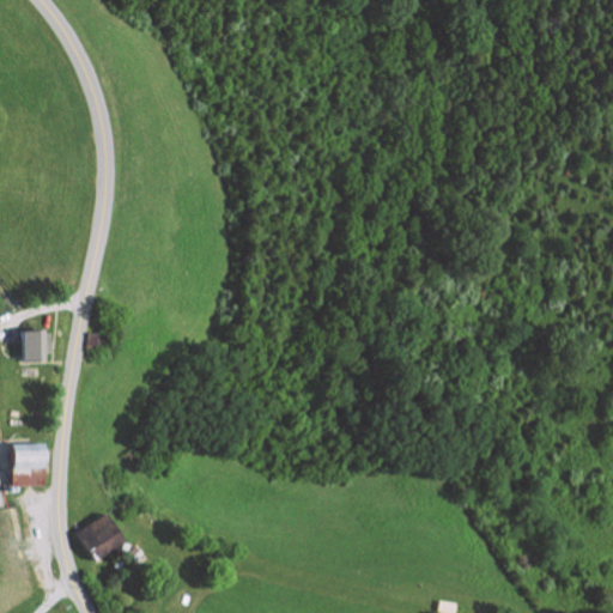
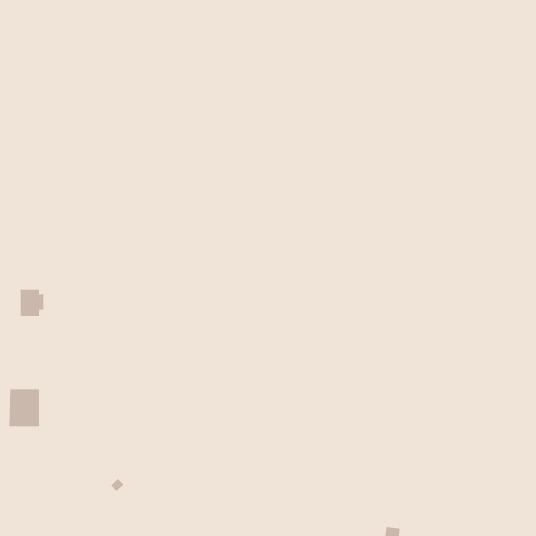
building: [77,512,125,560] -> none

